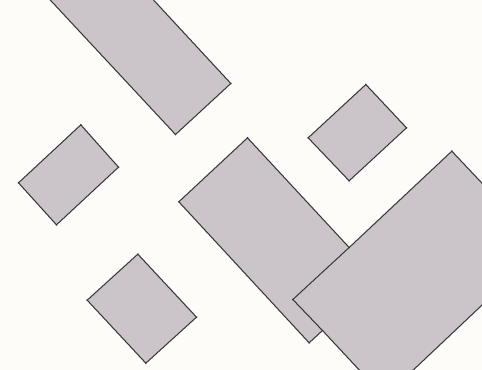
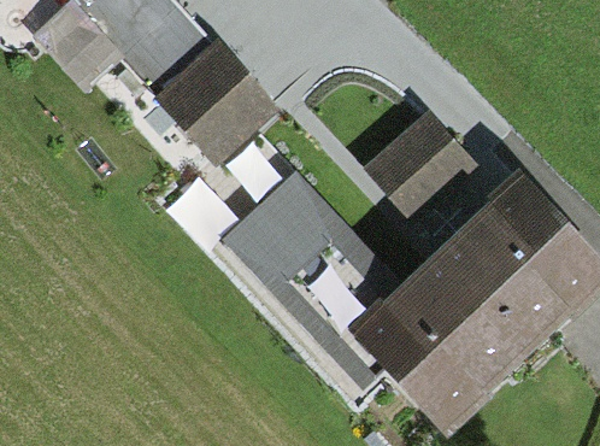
building: [19,125,119,225] -> none
building: [87,254,197,363] -> none

